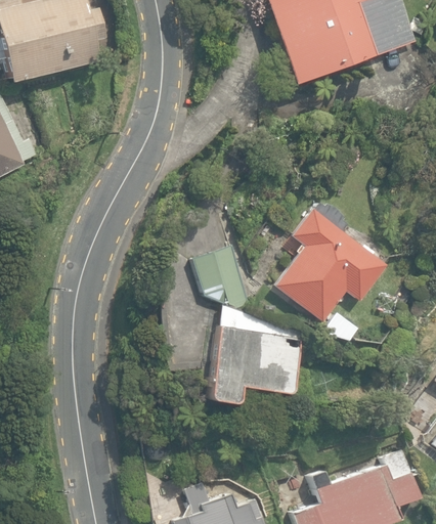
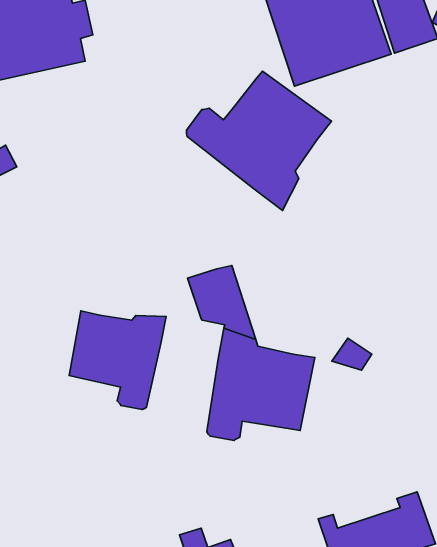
building: none -> [186,71,332,210]
building: [274,199,388,319] -> none
building: none -> [69,311,166,410]

